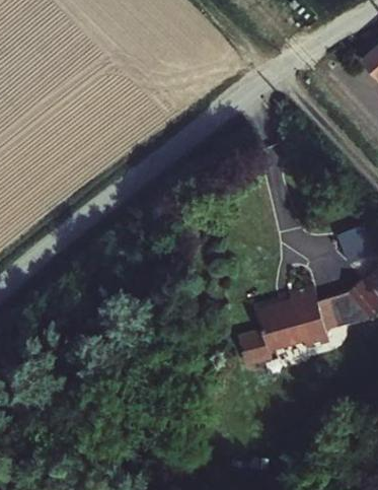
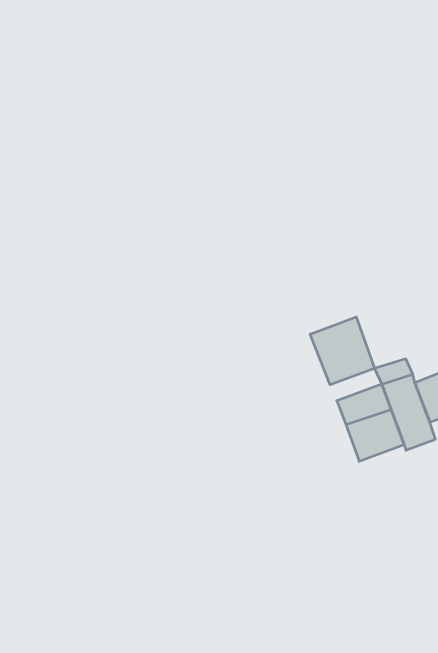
building: none -> [310,317,375,385]
building: [240,325,277,363] -> none

